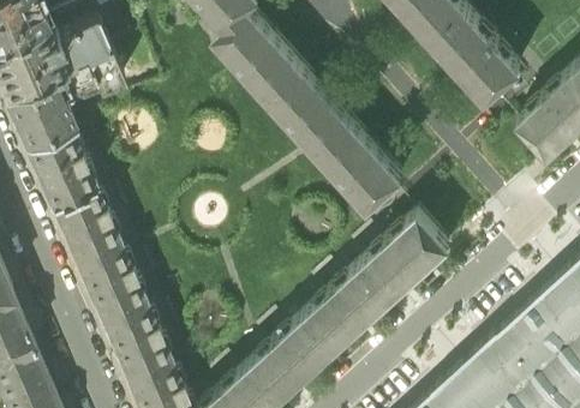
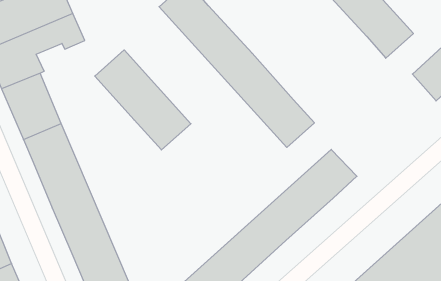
building: none -> [95,50,191,150]

